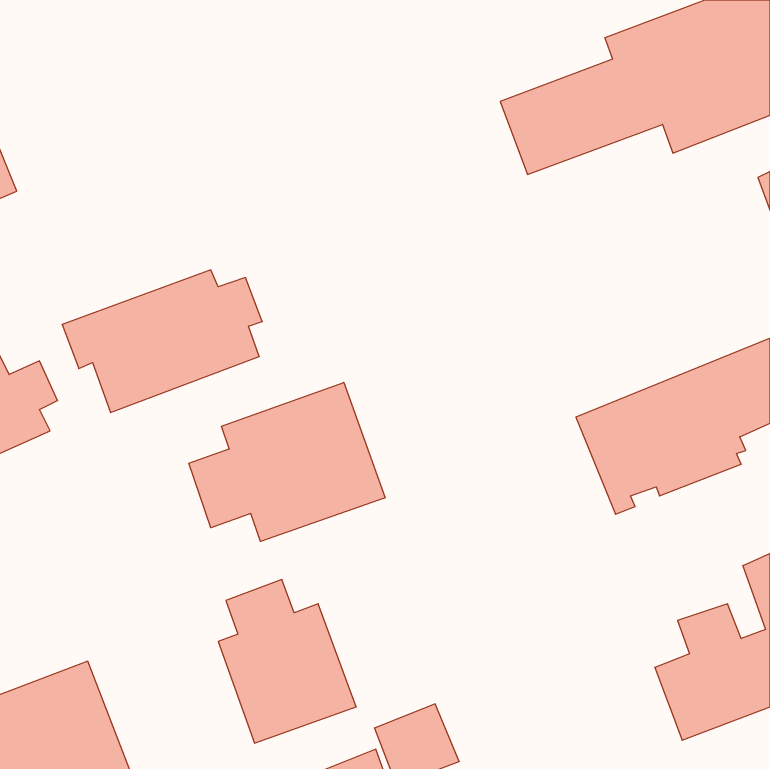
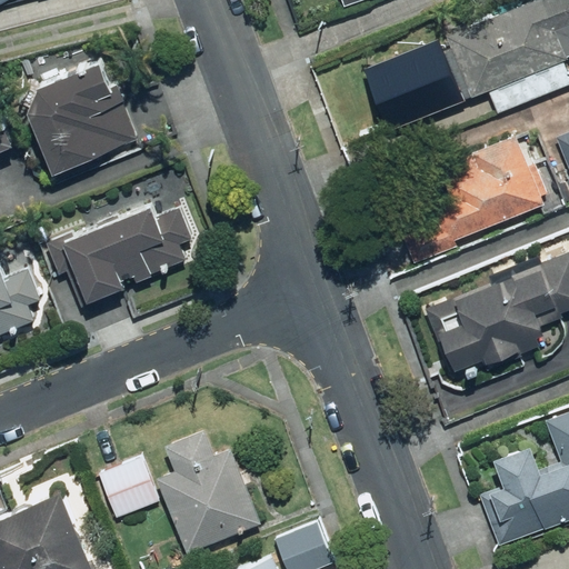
building: none -> [21,60,140,174]
building: none -> [403,136,550,263]
building: [189,382,385,541] -> none
building: none -> [97,457,162,521]

